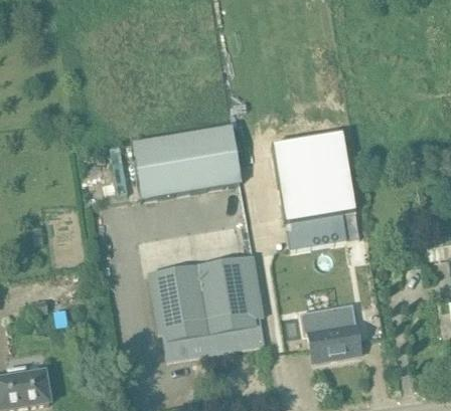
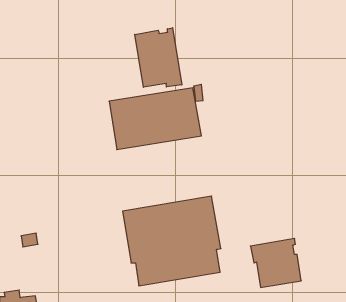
building: none -> [135,28,182,87]
building: [270,132,356,250] -> none

